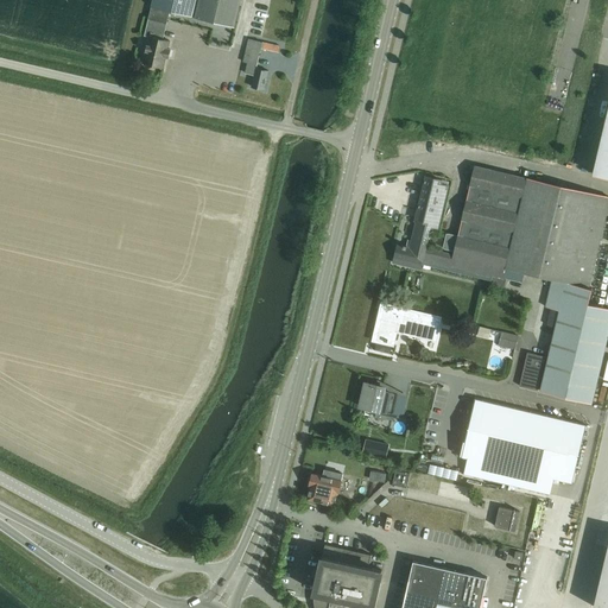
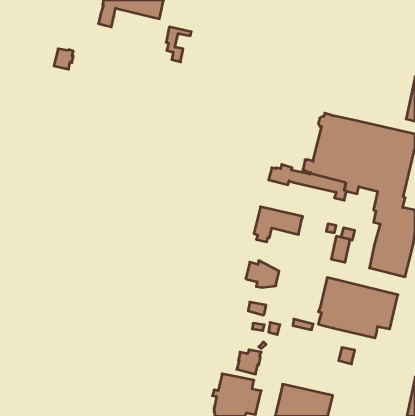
building: [141,38,170,68] -> [54,49,73,69]
building: [411,176,448,245] -> none
building: [519,353,546,391] -> [331,236,350,262]
building: [306,470,342,506] -> [237,350,261,374]

